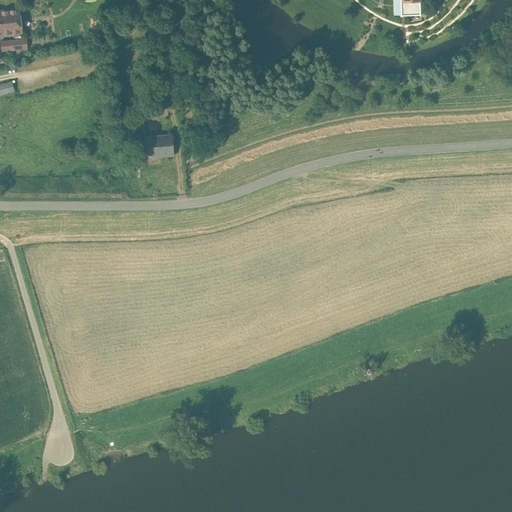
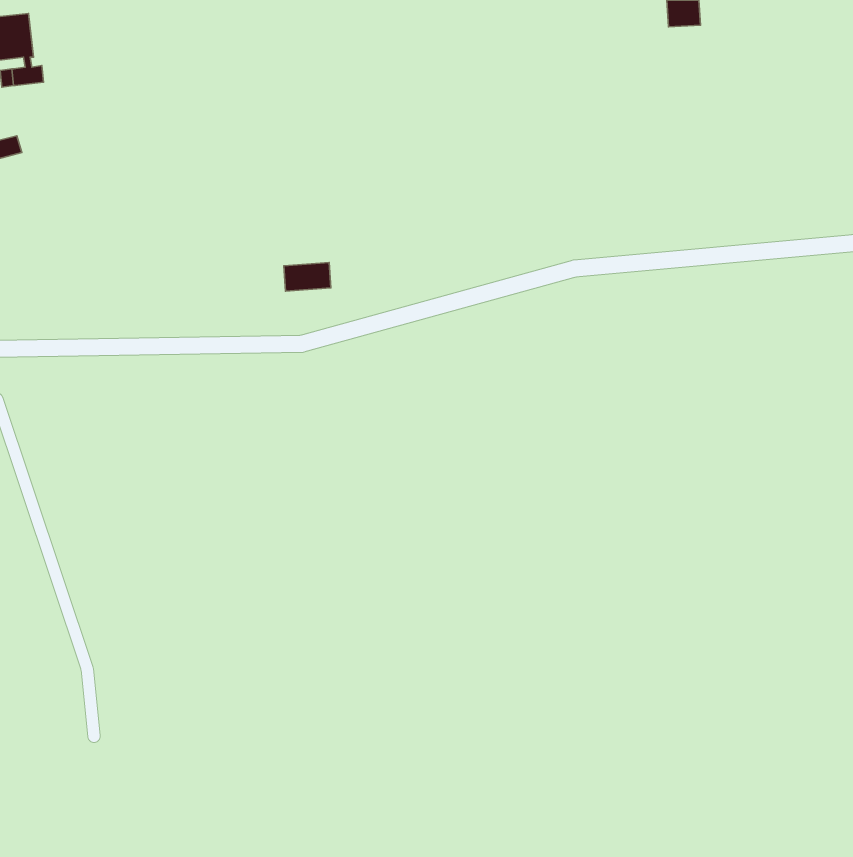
building: [143,136,171,153] -> [284,263,331,291]

